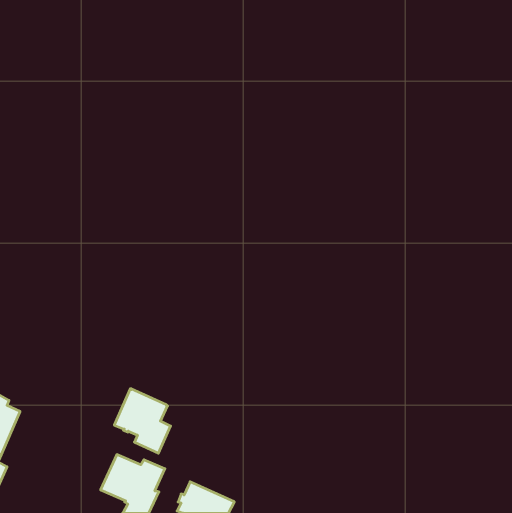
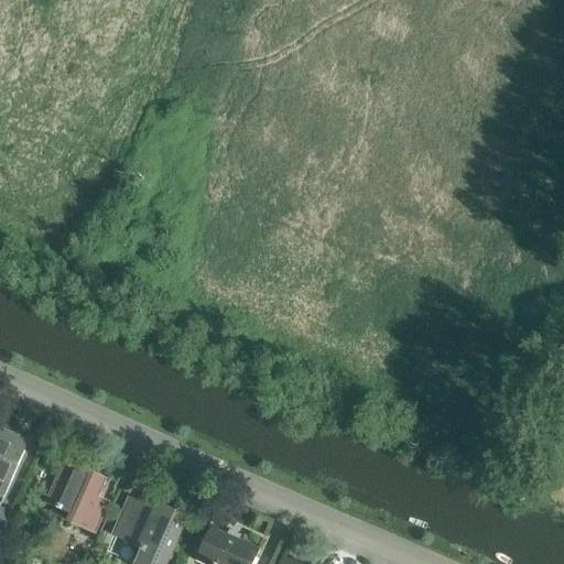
building: [114,389,171,453] -> [44,462,106,532]

